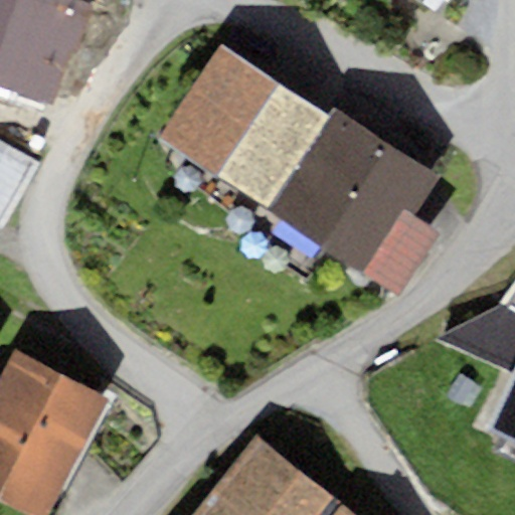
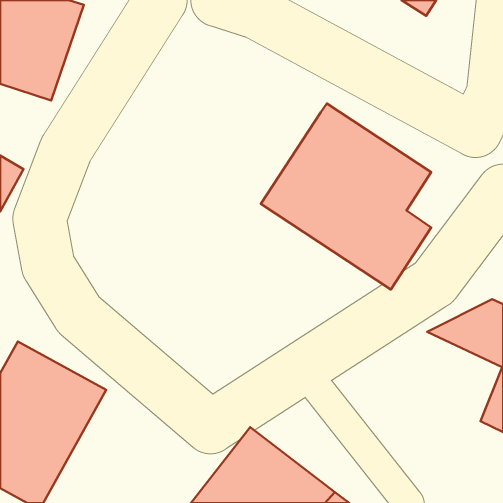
building: [159,43,328,208] -> none

